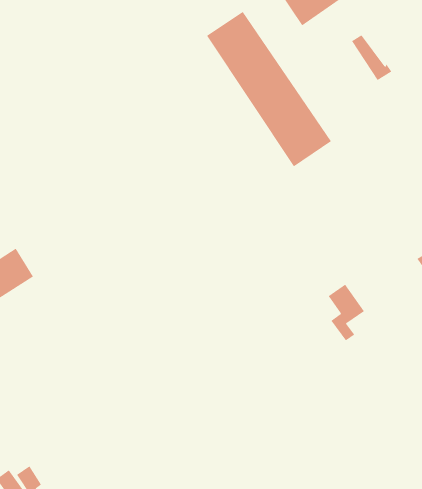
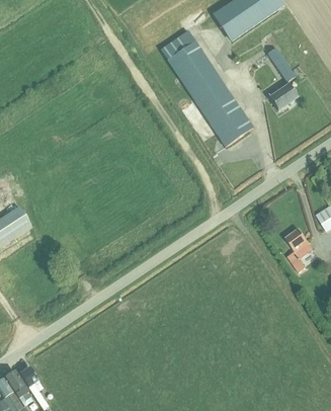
building: none -> [268,83,298,109]
building: [328,284,365,341] -> [285,229,313,271]

